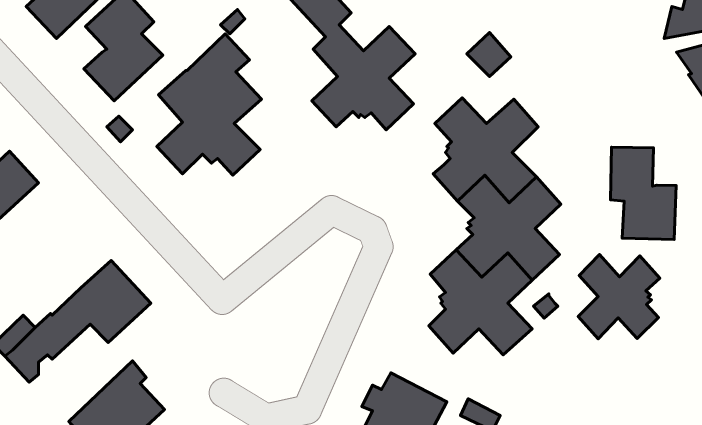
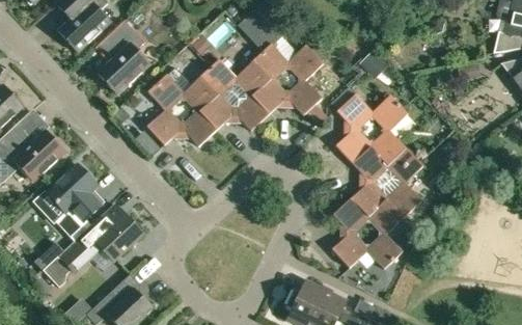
building: none -> [199,58,270,130]
building: [611,147,676,240] -> none
building: none -> [46,163,101,241]
building: [578,255,660,339] -> none

